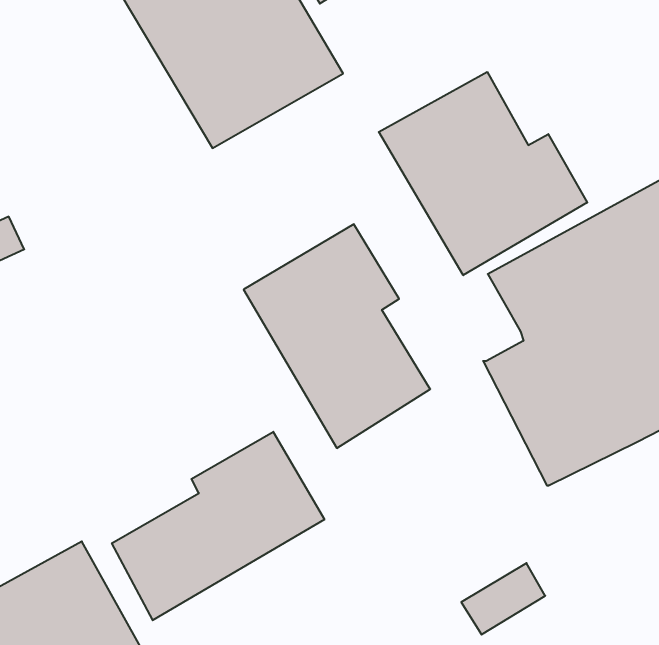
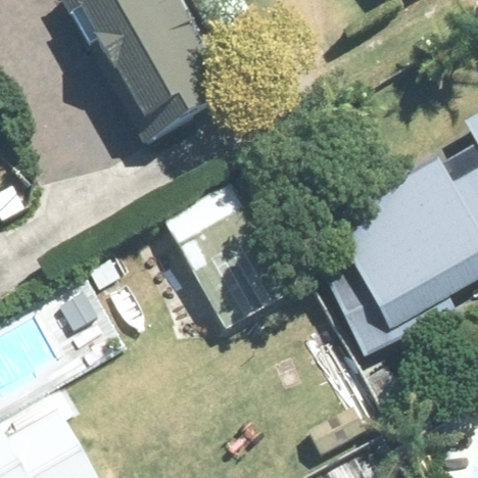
building: [379,72,587,275] -> none
building: [112,432,324,620] -> none

